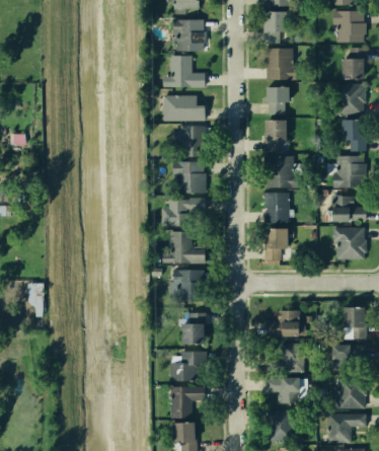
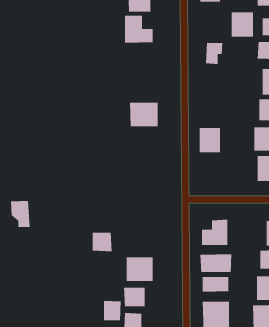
building: [266,48,294,79] -> [231,12,254,37]
building: [166,95,208,122] -> none
building: [267,120,290,151] -> none
building: [176,126,207,156] -> none
building: [263,157,295,186] -> none
building: [166,197,205,223] -> none
building: [263,227,287,260] -> none
building: [165,230,204,266] -> none
building: [172,271,198,298] -> none
building: [178,321,204,346] -> [92,232,112,252]
building: none -> [104,300,121,321]

